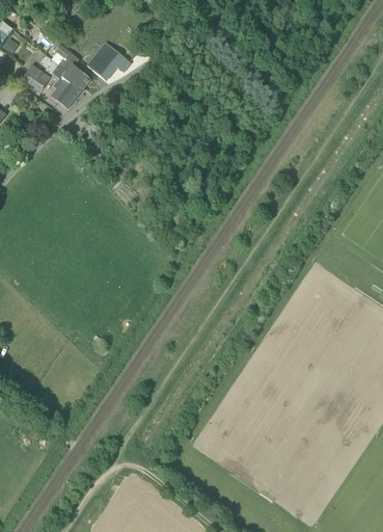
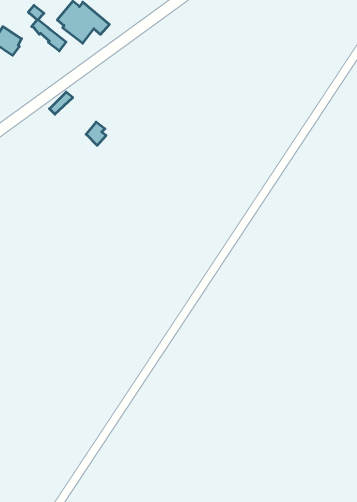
building: [51,71,84,108] -> none

